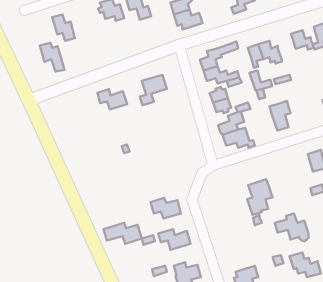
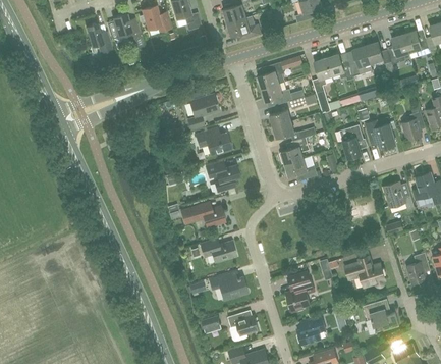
building: none -> [349,45,373,75]
building: [40,43,64,71] -> [113,13,142,47]
building: [98,89,127,109] -> [196,129,230,153]
building: none -> [366,119,396,148]
building: none -> [205,160,239,191]
building: [247,179,272,215] -> [285,269,315,311]
building: [103,223,142,244] -> [180,202,225,226]

